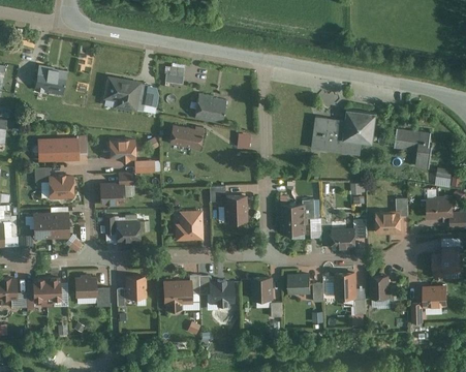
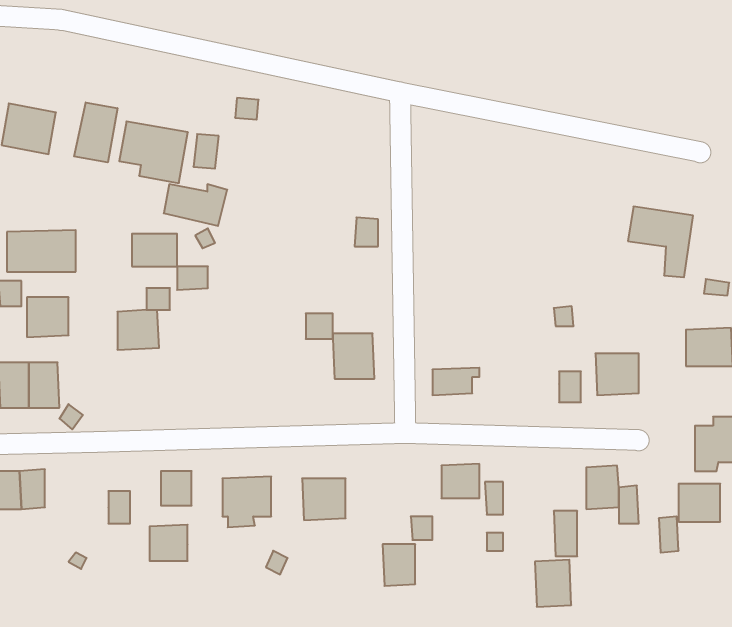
building: none -> [74,102,117,162]
building: [195,95,227,124] -> none
building: [311,109,376,153] -> none
building: [170,127,207,151] -> [164,184,227,226]
building: [281,199,315,219] -> none
building: [177,213,203,242] -> none
building: [118,223,141,245] -> none
building: [331,227,354,248] -> none
building: [334,271,354,298] -> [535,560,571,607]
building: [251,276,270,300] -> [383,544,415,586]
building: [75,277,97,298] -> [150,525,188,561]

